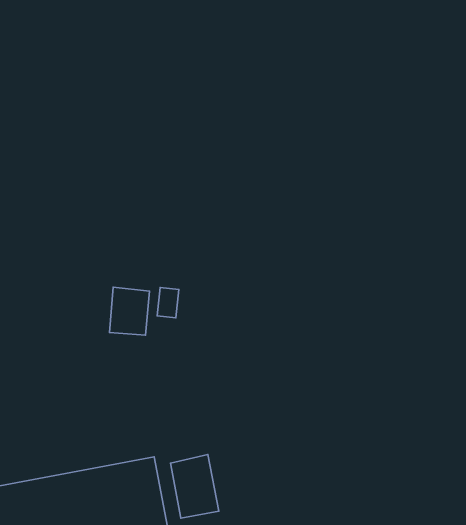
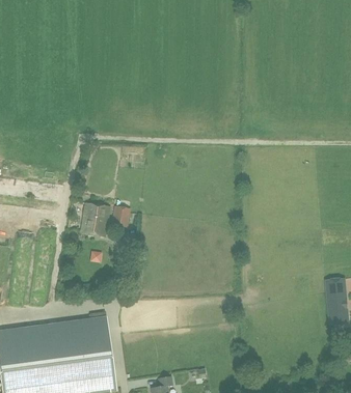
building: [170,455,219,518] -> none

